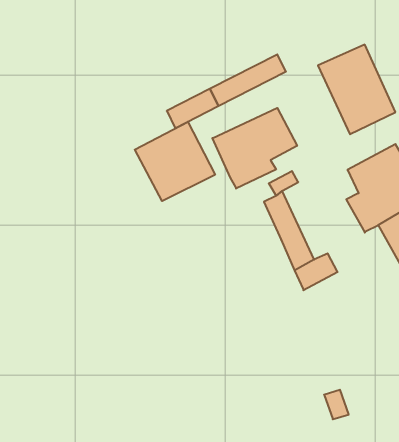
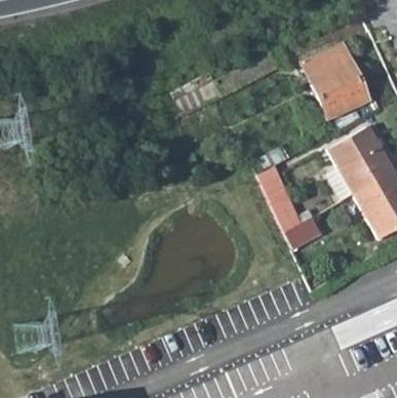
building: [212,108,297,189] -> none
building: [135,122,215,201] -> none

